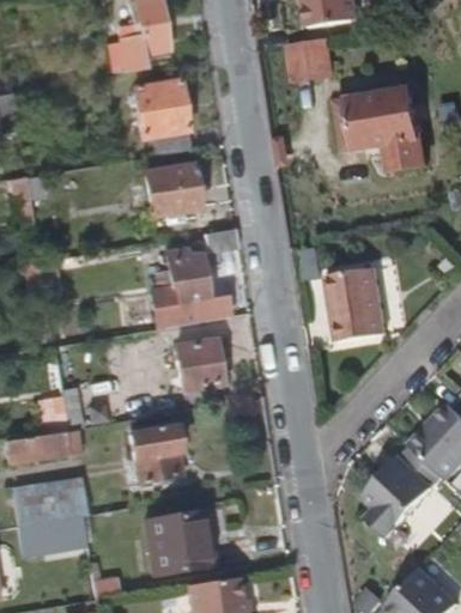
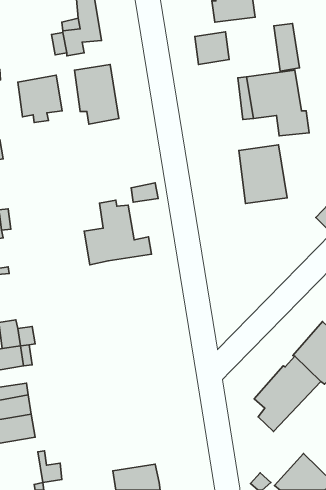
building: none -> [274,24,300,71]
building: [146,163,201,221] -> [18,75,62,123]
building: [329,263,389,336] -> [239,145,287,204]
building: [172,340,222,409] -> none
building: [128,425,178,479] -> none
building: [146,517,212,576] -> none

